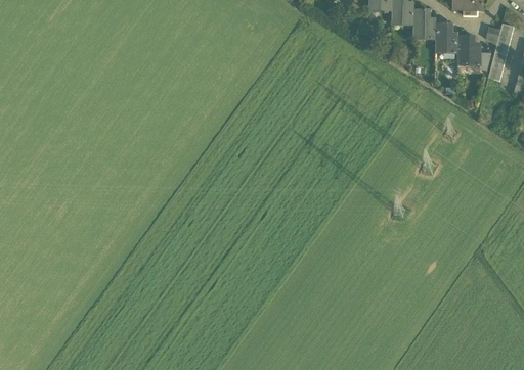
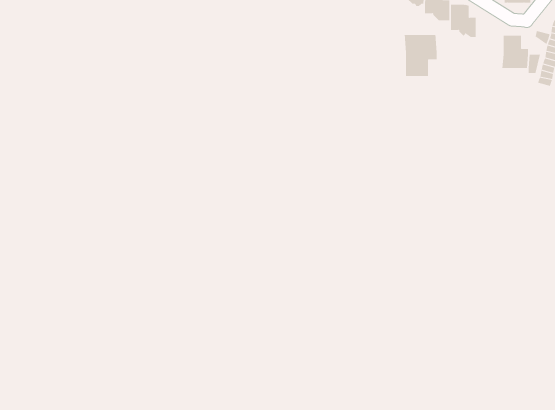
building: [434,22,456,51] -> none
building: none -> [404,34,437,77]

